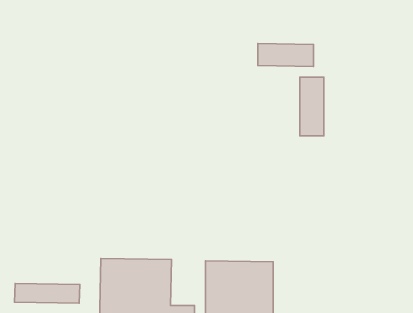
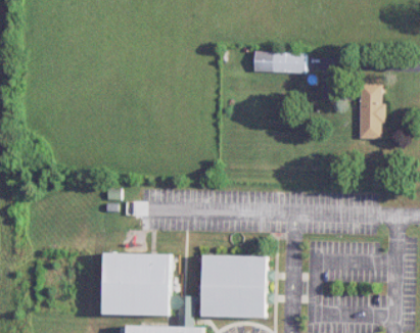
building: [300,77,324,136] -> [358,85,380,140]
building: [14,284,80,303] -> none

